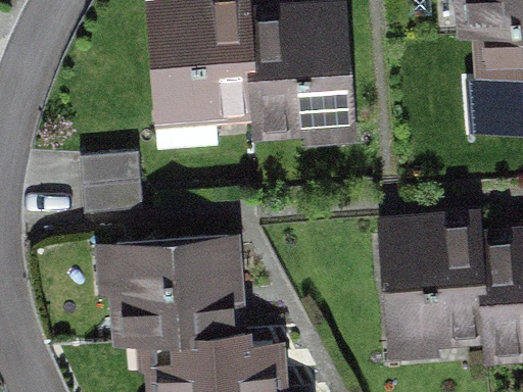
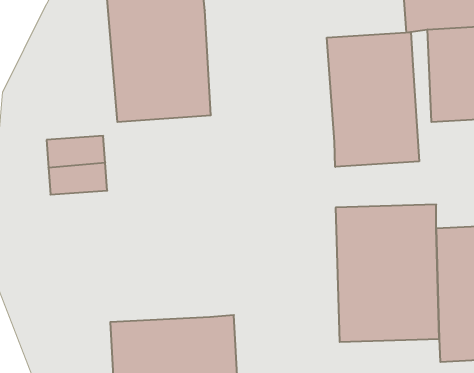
building: [245,8,348,141] -> none
building: none -> [327,32,419,167]
building: [100,238,250,334] -> none

